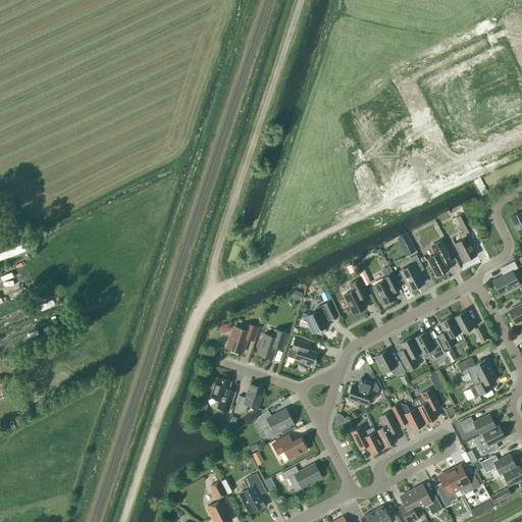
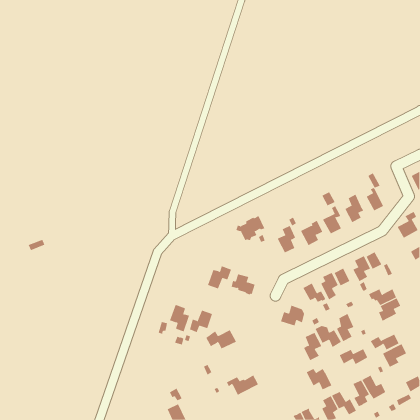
building: [301,302,337,333] -> [236,215,265,241]
building: [226,325,257,353] -> none
building: [351,427,383,455] -> [306,368,332,390]
building: [272,435,307,460] -> none
building: [479,455,516,475] -> [339,349,368,365]
building: [237,473,265,513] -> none

